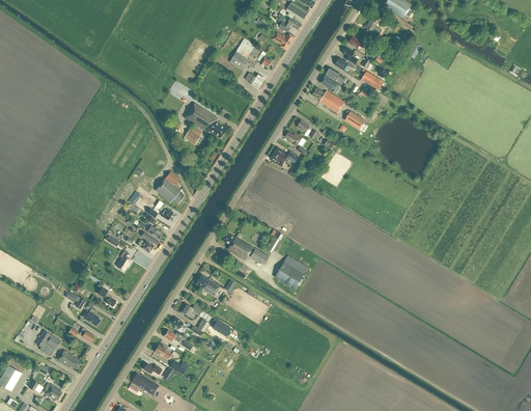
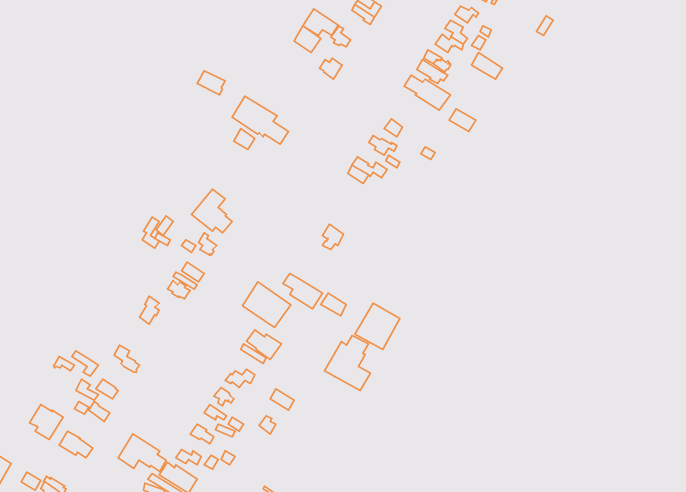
building: none -> [243,282,291,327]
building: none -> [325,335,370,390]
building: none -> [118,434,166,471]

